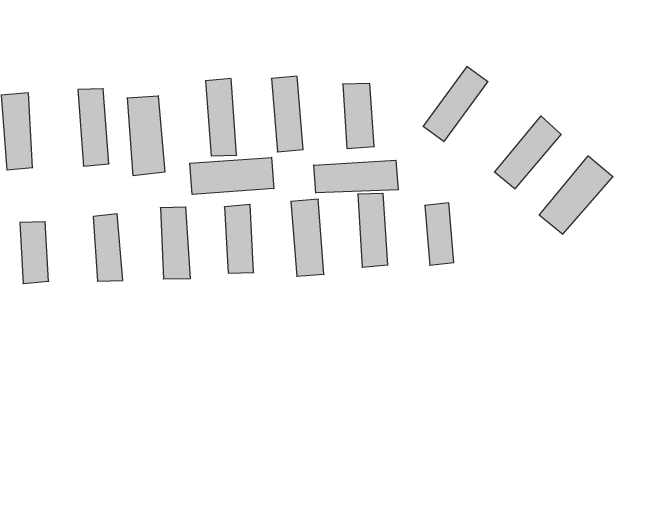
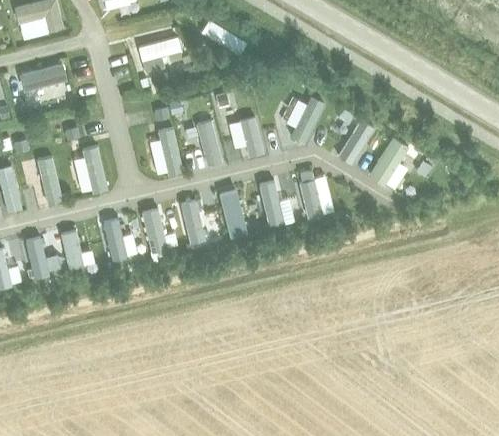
building: [127,96,165,176] -> none
building: [190,157,274,194] -> none
building: [314,160,398,193] -> none

